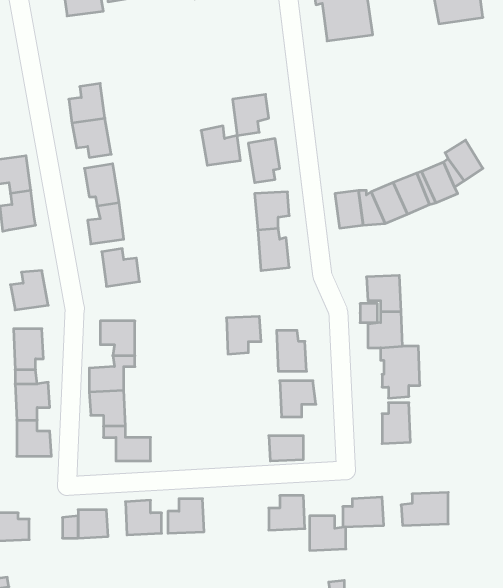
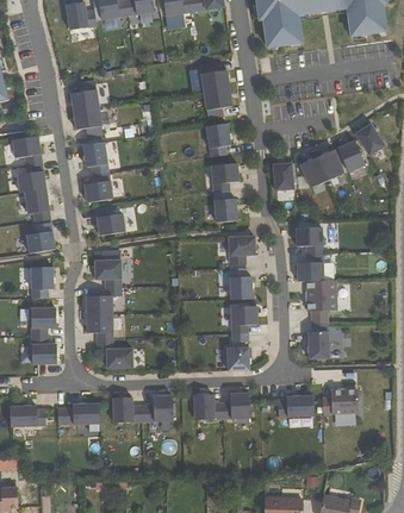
building: [201,126,240,165] -> [189,63,219,93]
building: none -> [25,188,50,221]
building: [226,316,261,354] -> [226,236,253,264]
building: [310,516,346,550] -> [194,394,222,420]

